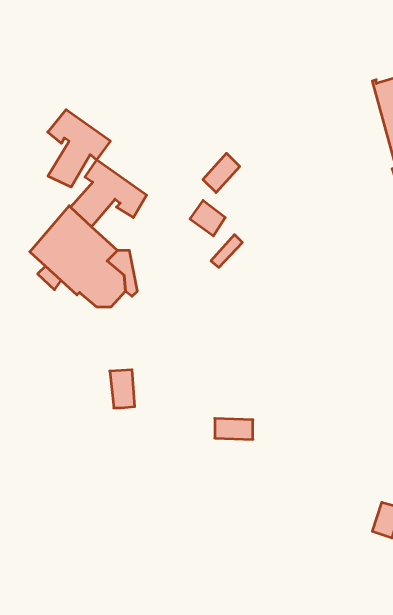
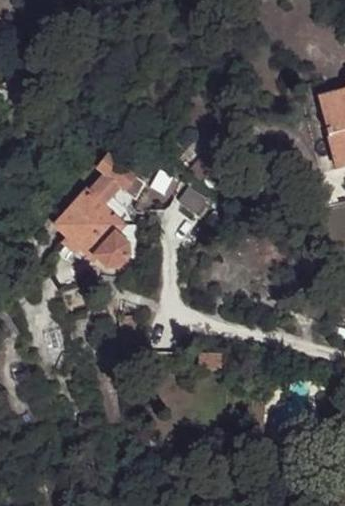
building: [48,110,110,187] -> none

